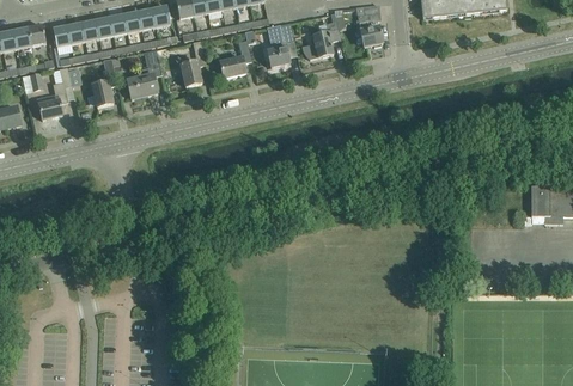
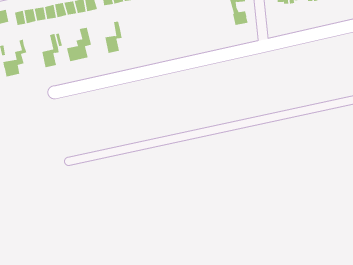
building: [301,19,341,57] -> none
building: [267,22,294,66] -> none
building: [220,38,251,76] -> none

